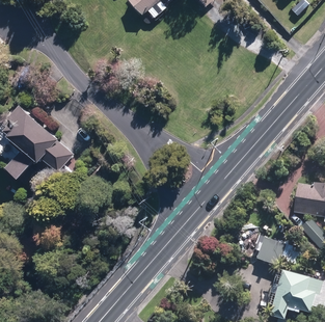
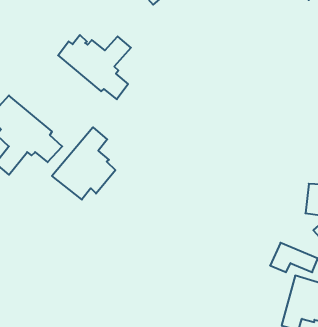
building: none -> [58,35,131,99]
building: none -> [52,127,115,200]

